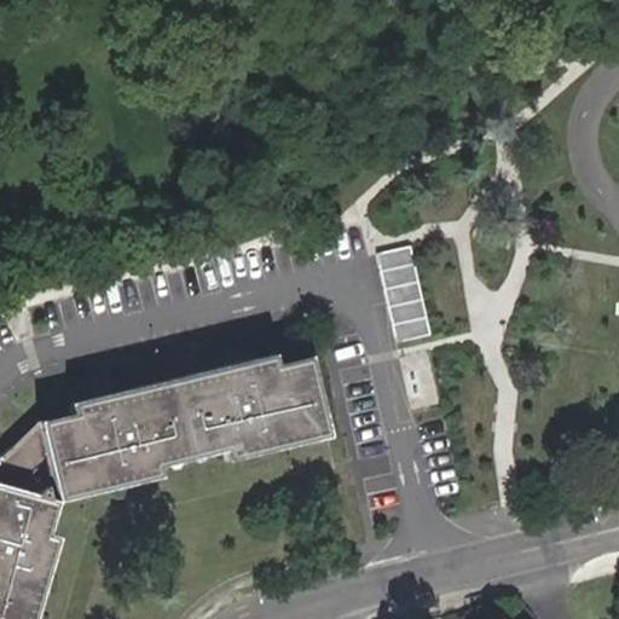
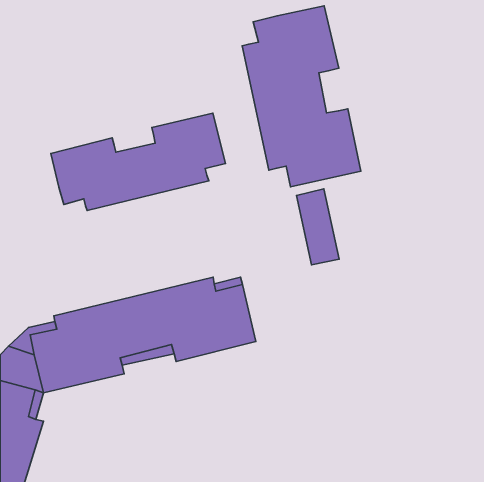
building: none -> [242,6,361,187]
building: none -> [51,113,226,211]

